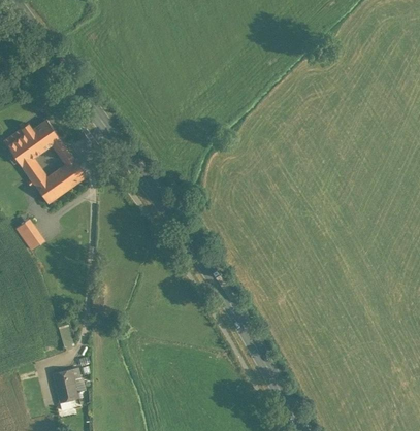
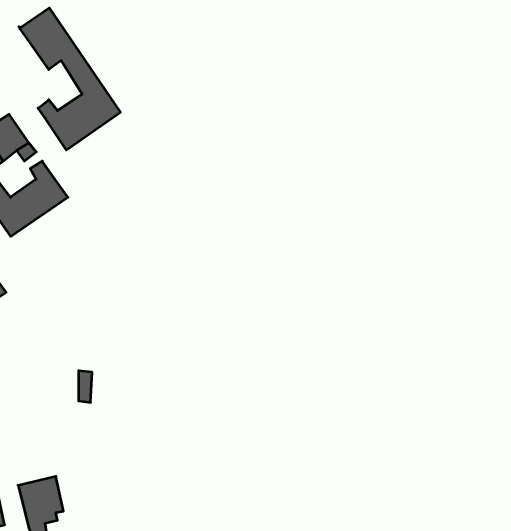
building: none -> [19,8,120,150]

